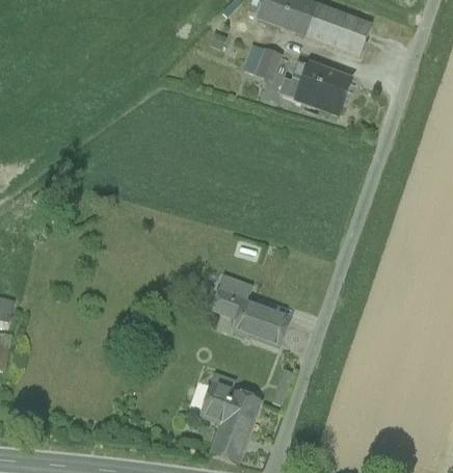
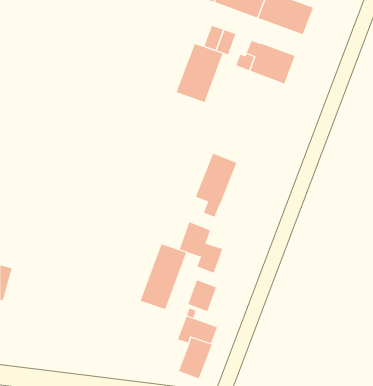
building: none -> [176,43,223,103]
building: none -> [195,153,237,217]
building: none -> [140,244,187,310]
building: [254,307,288,345] -> [188,279,217,312]

